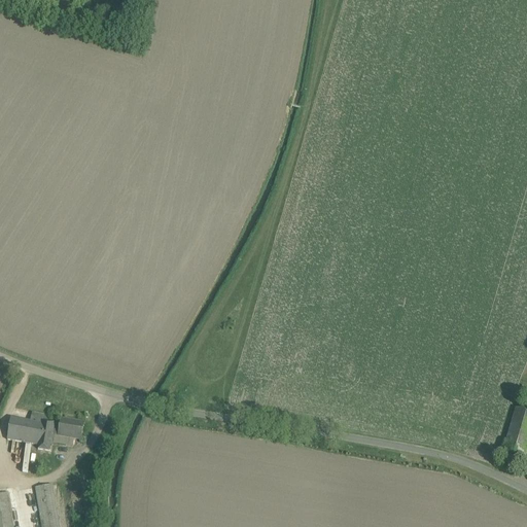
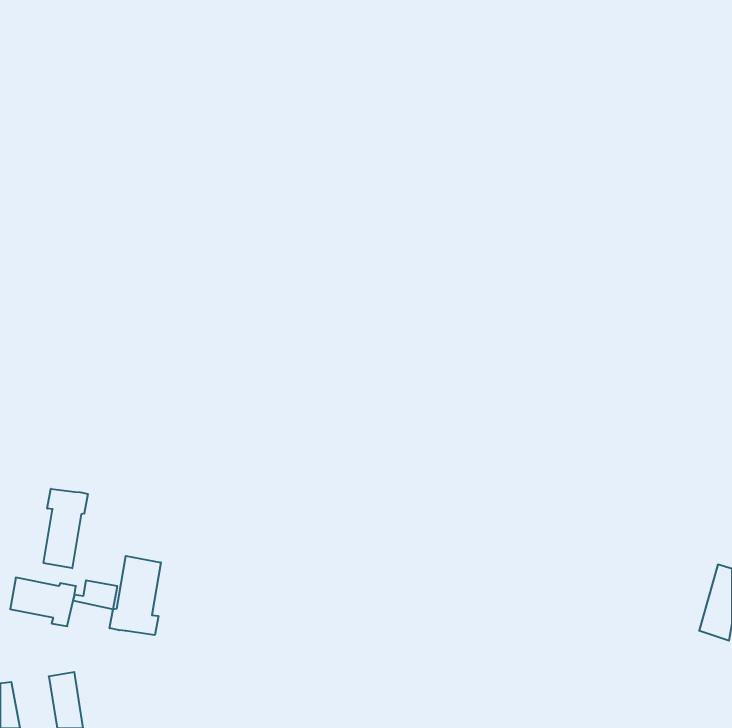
building: none -> [44,489,88,568]
building: none -> [110,556,161,635]

